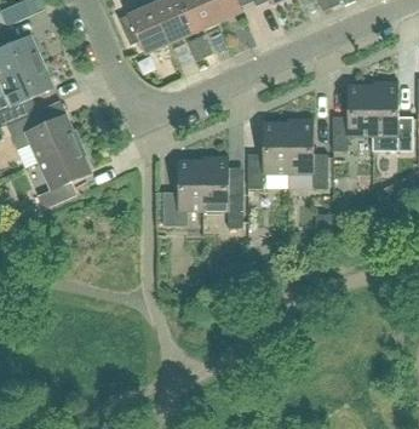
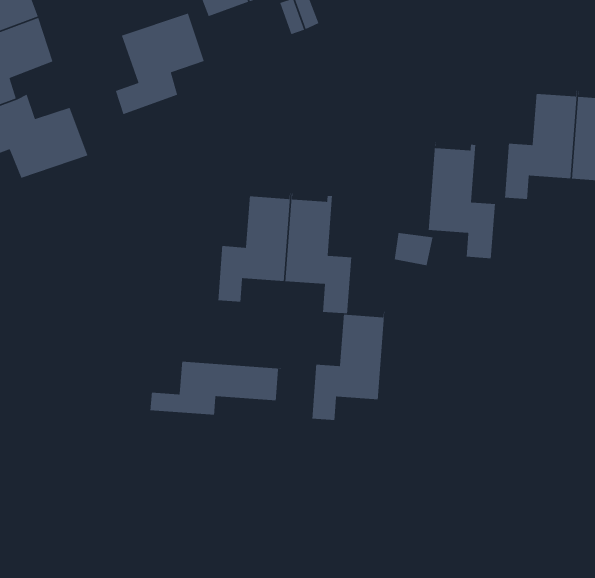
building: [248,119,288,188] -> [311,311,385,421]
building: [38,143,91,208] -> [115,12,205,115]
building: none -> [150,361,286,416]

